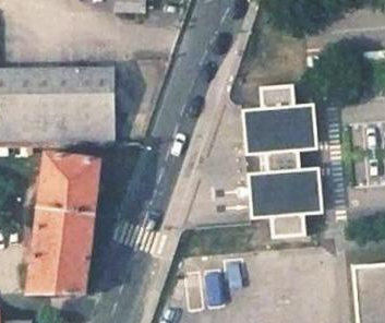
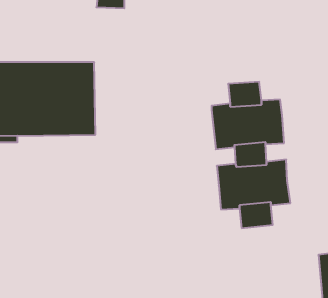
building: [28,152,101,291] -> none

